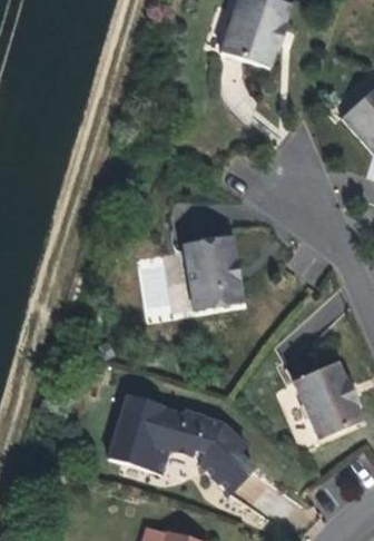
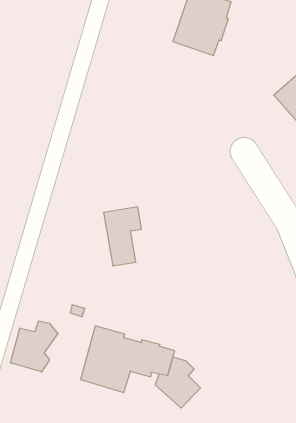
building: [185,236,243,308] -> none
building: [293,362,363,440] -> none
building: none -> [11,321,58,372]

